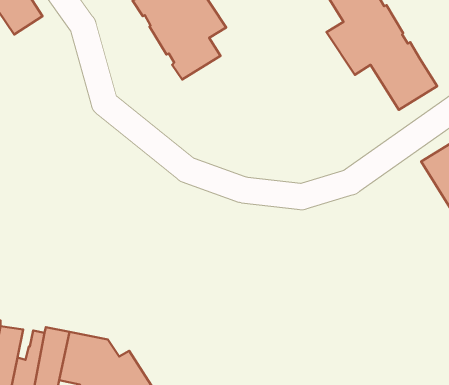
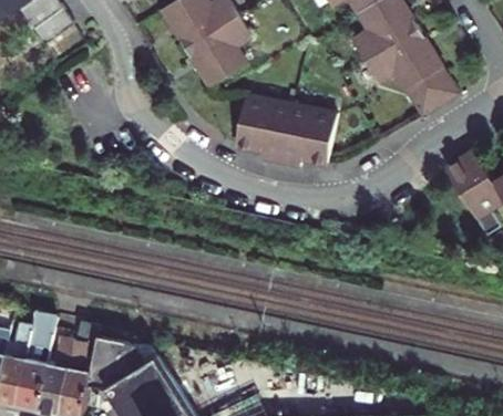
building: none -> [236,96,338,167]

